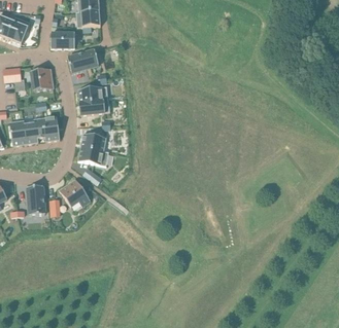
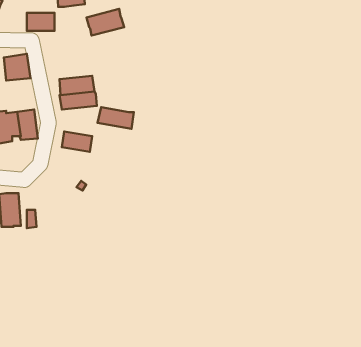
building: [67,48,99,71] -> [87,9,124,36]
building: [77,146,108,165] -> [98,107,134,129]
building: [59,178,87,211] -> none

